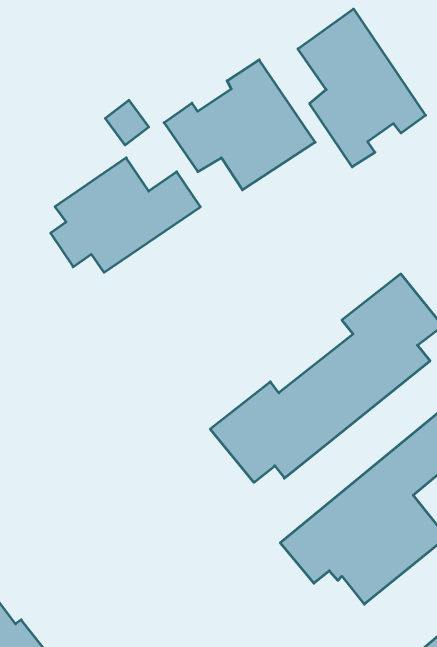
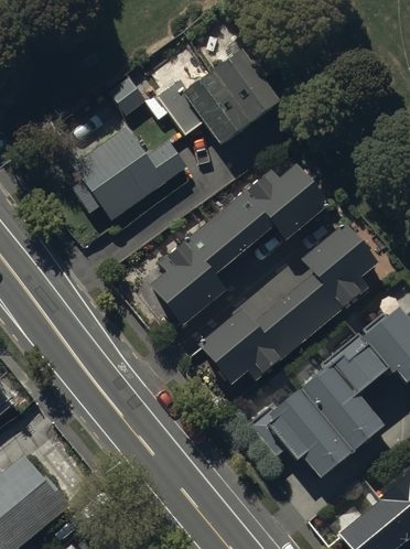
building: [298,9,426,167] -> none
building: none -> [150,159,332,322]

